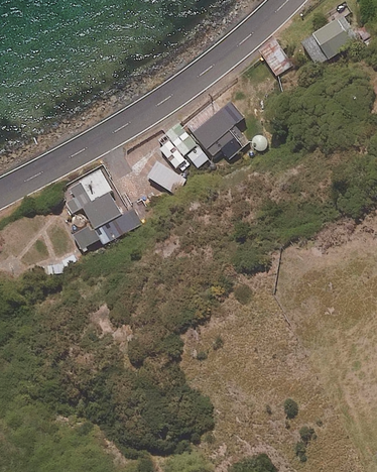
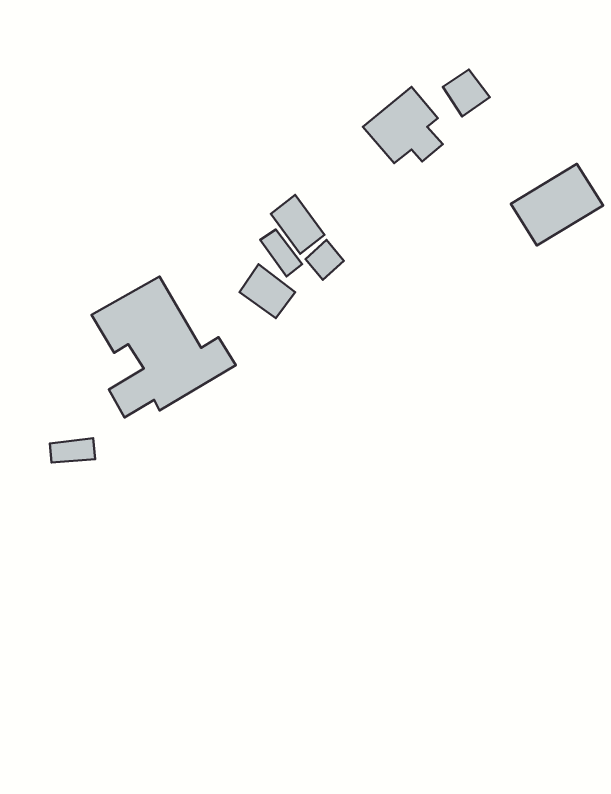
building: [301,17,355,65] -> [511,164,603,246]
building: [193,111,239,155] -> [363,87,443,163]

